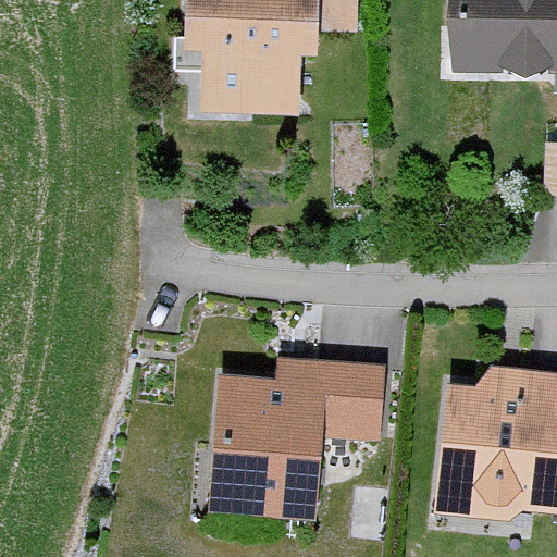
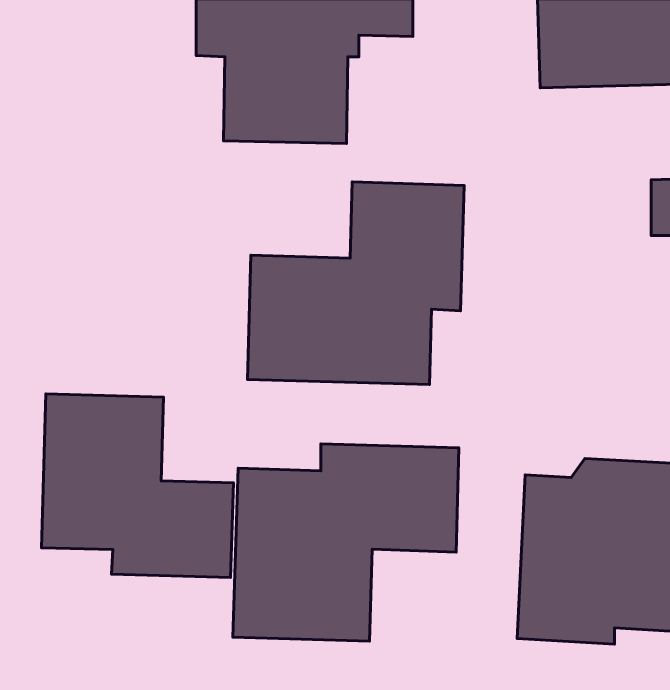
building: none -> [247,182,464,384]
building: none -> [42,394,234,578]

